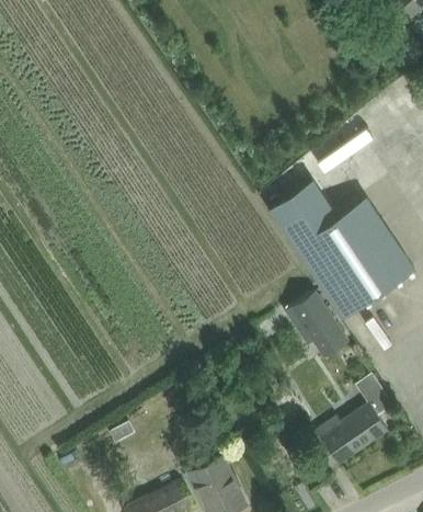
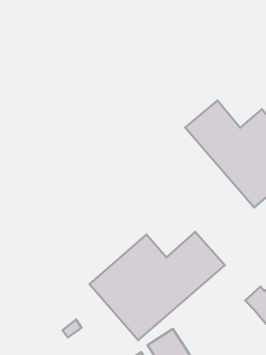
building: [286,291,348,356] -> none
building: none -> [89,232,225,340]

